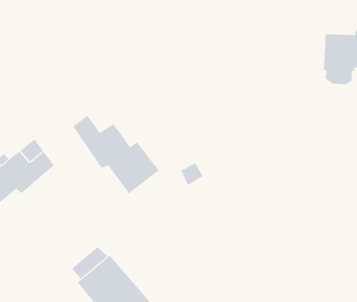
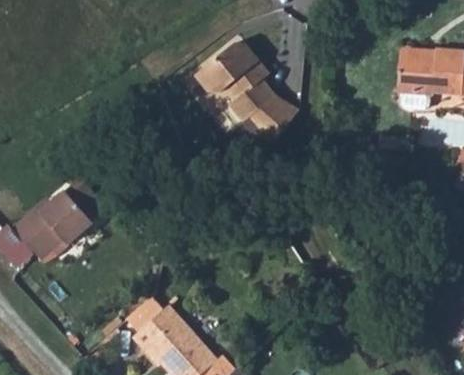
building: none -> [195,46,299,149]
building: [73,115,159,194] -> none

